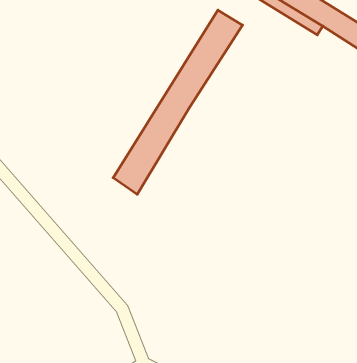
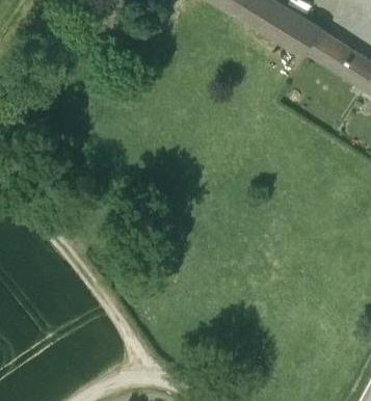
building: [113,10,243,194] -> none

